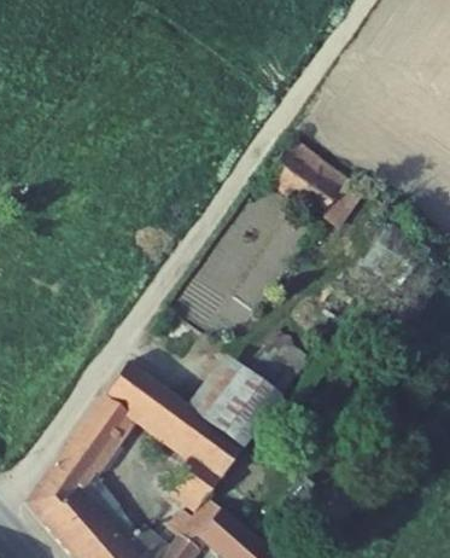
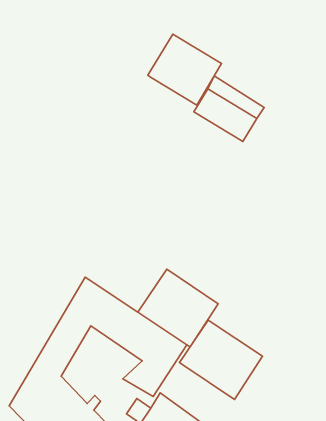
building: none -> [148,34,221,105]
building: none -> [180,320,263,399]

